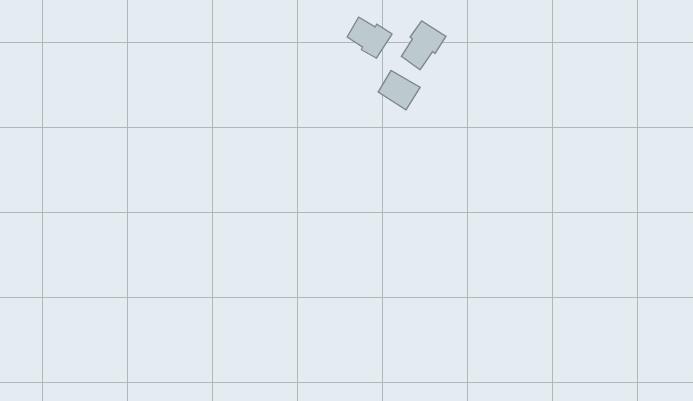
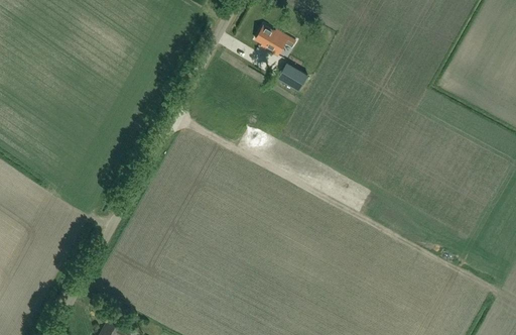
building: [401,21,446,70] -> none

